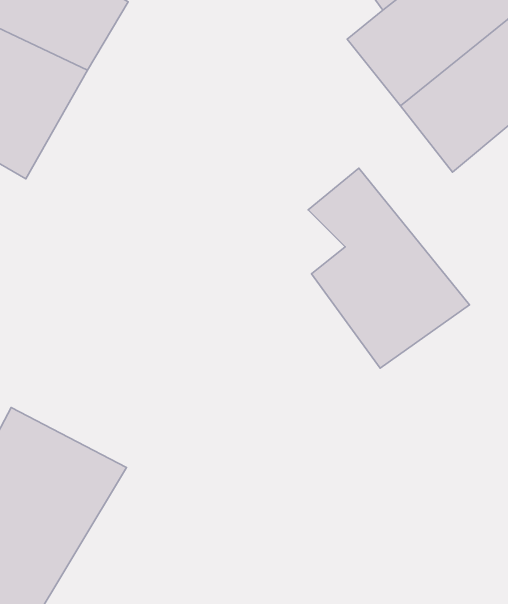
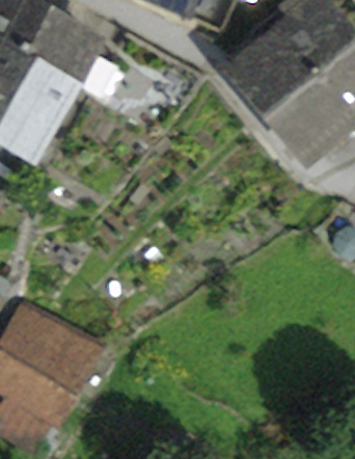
building: [308,168,470,368] -> none

